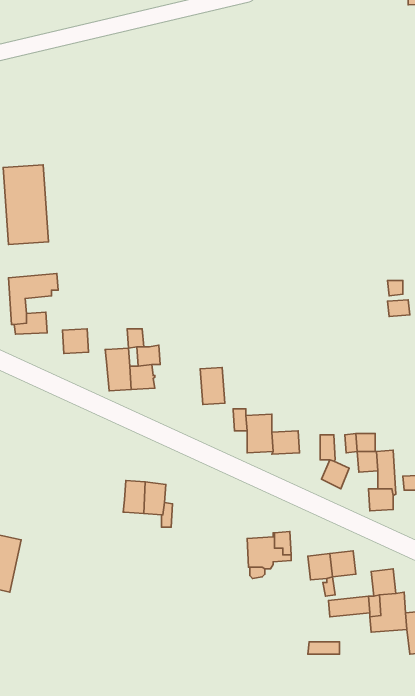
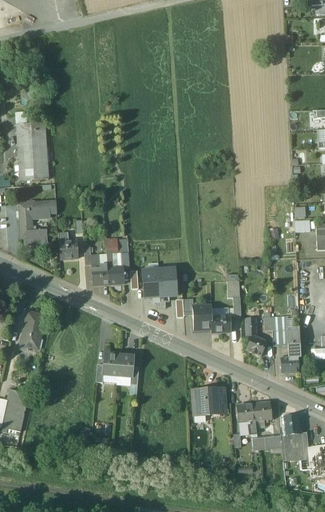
building: none -> [142,269,160,296]
building: none -> [20,311,44,348]

